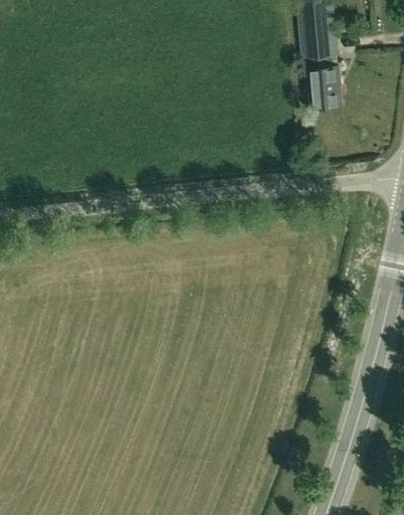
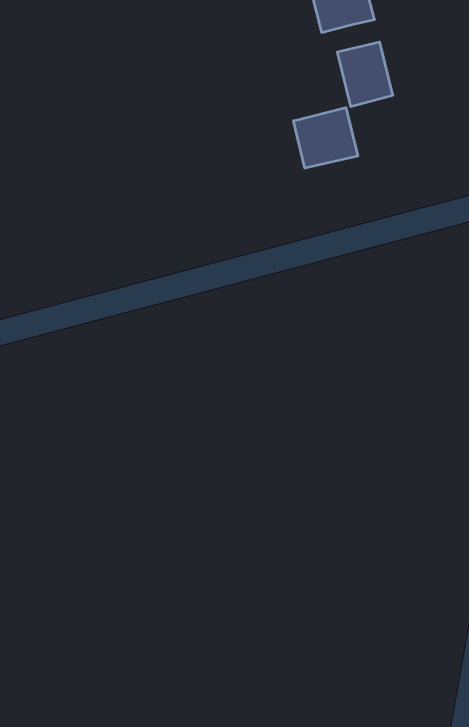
building: none -> [294,108,358,168]

